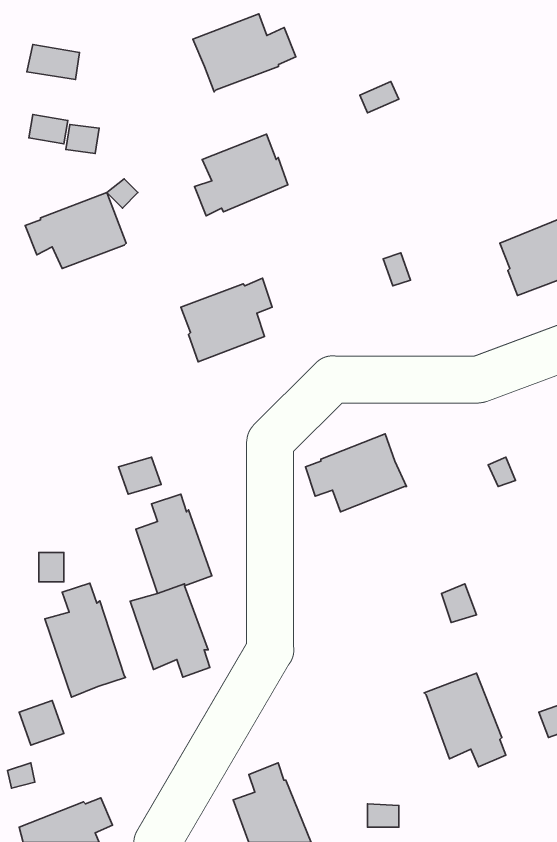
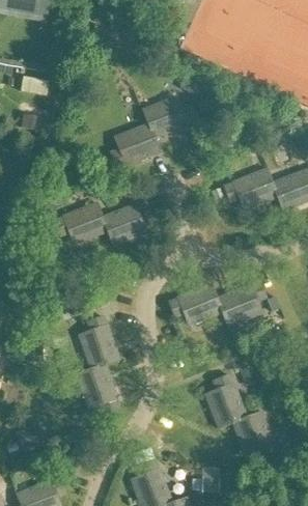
building: [193,14,296,92] -> [142,96,197,138]
building: [25,192,126,268] -> [54,203,108,244]
building: none -> [224,168,278,209]
building: none -> [217,282,267,327]
building: [45,583,125,697] -> none
building: none -> [205,374,246,428]

